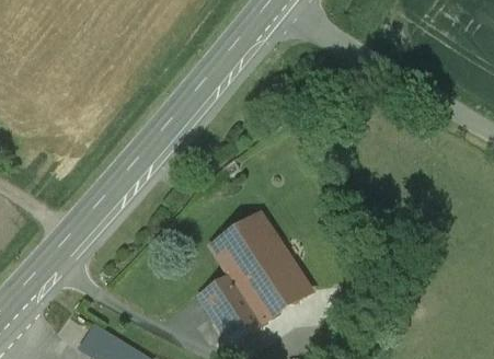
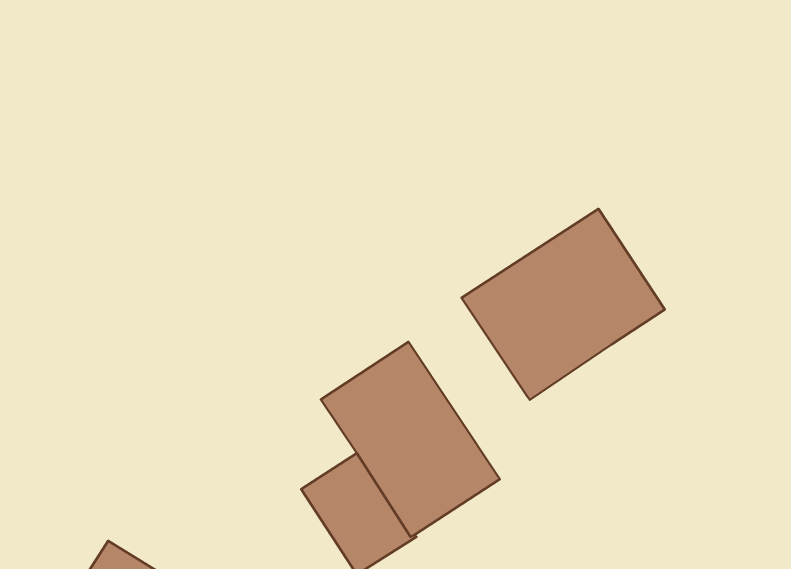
building: none -> [462,209,665,400]

